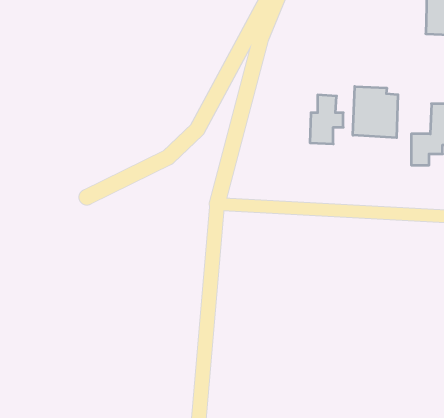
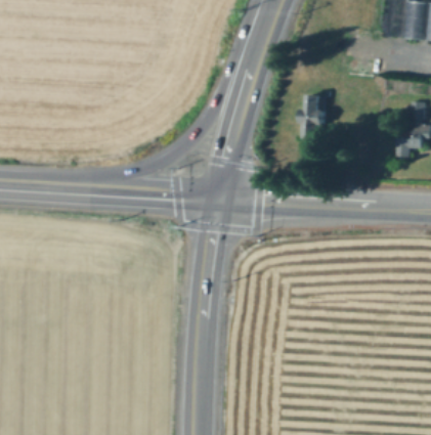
building: [353,86,398,138] -> none

